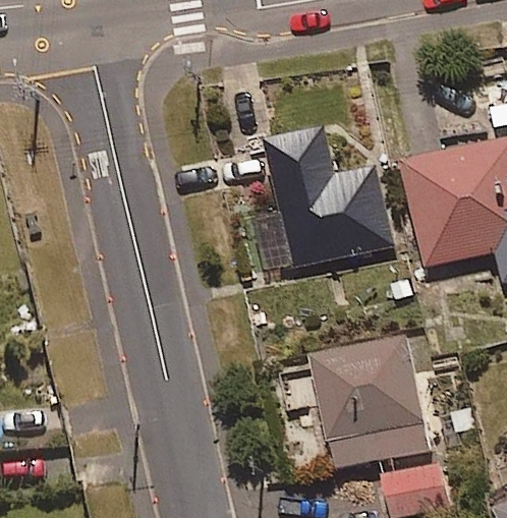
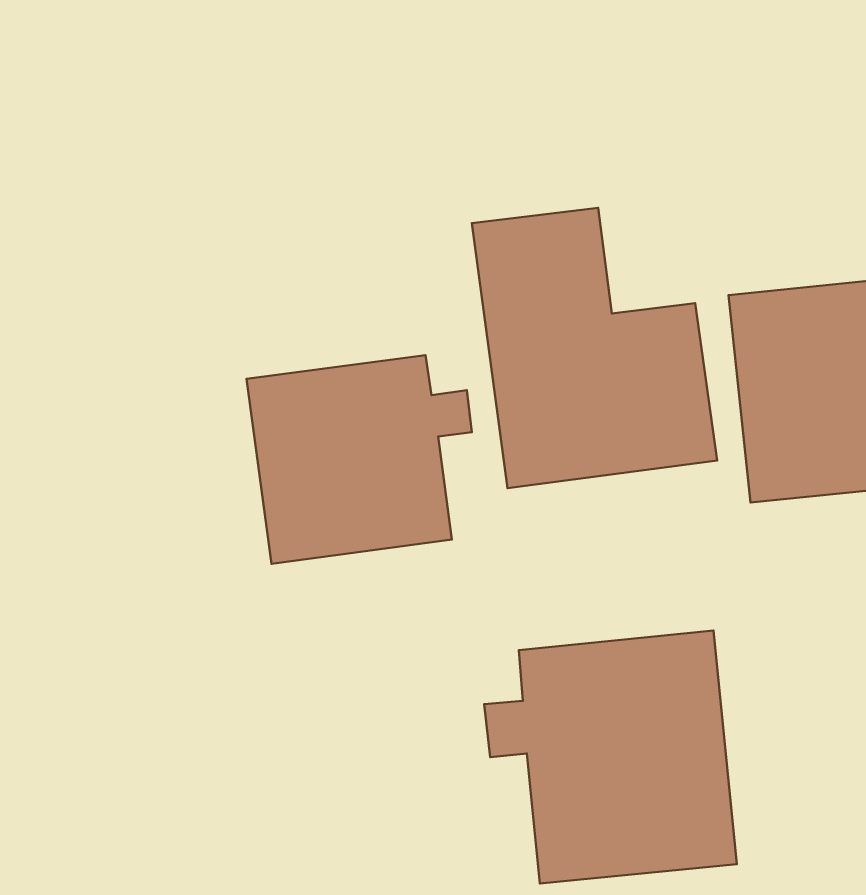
building: none -> [247,355,472,564]

